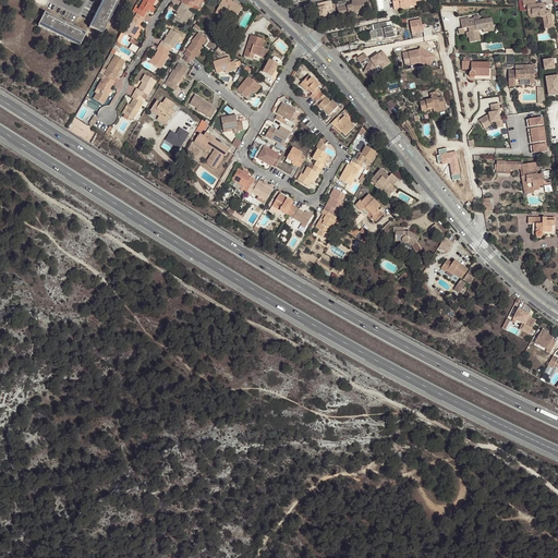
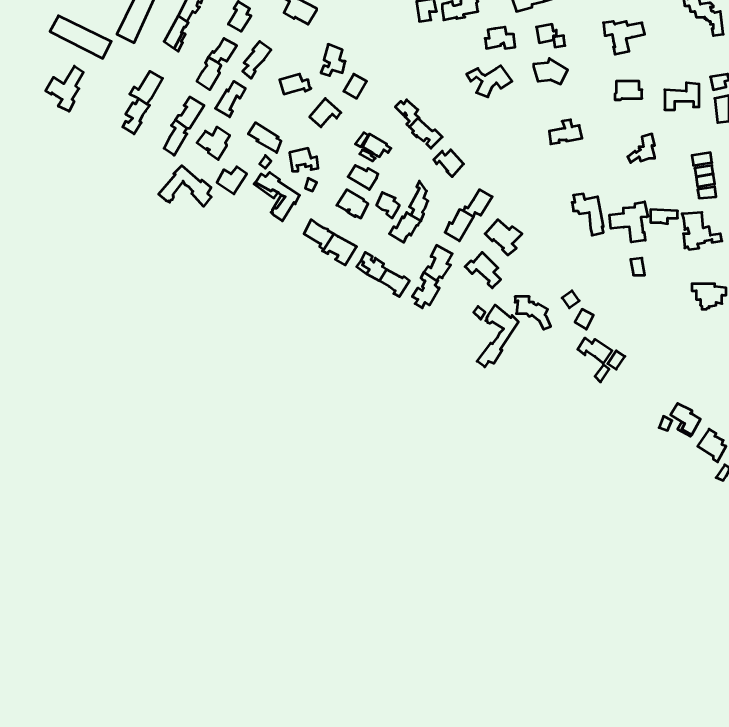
building: none -> [46,66,83,111]
building: none -> [159,166,211,206]
building: none -> [610,202,648,242]
building: none -> [477,305,518,367]

